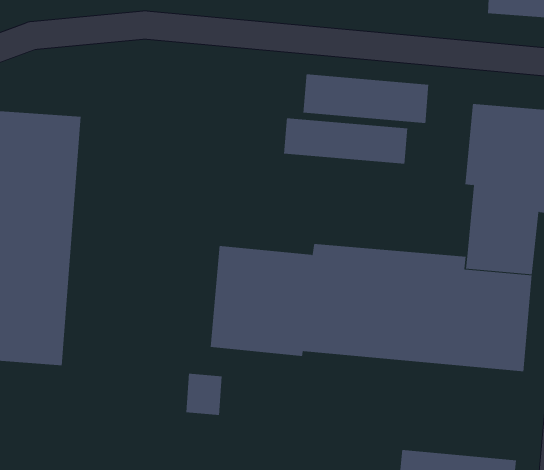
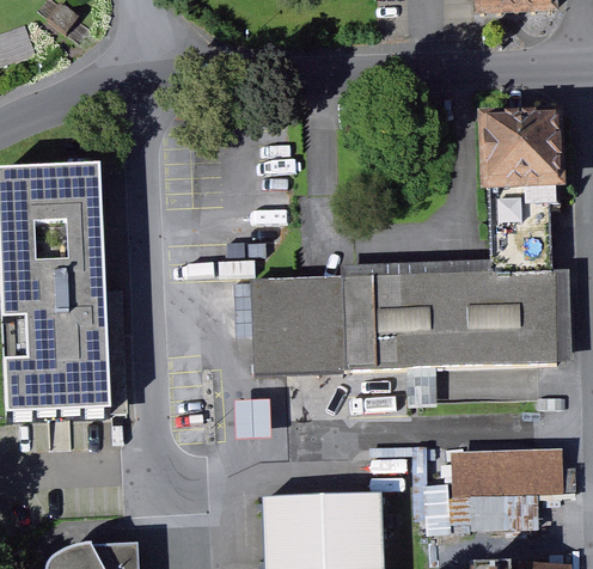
building: [303,74,429,124] -> none
building: [284,118,408,165] -> none

